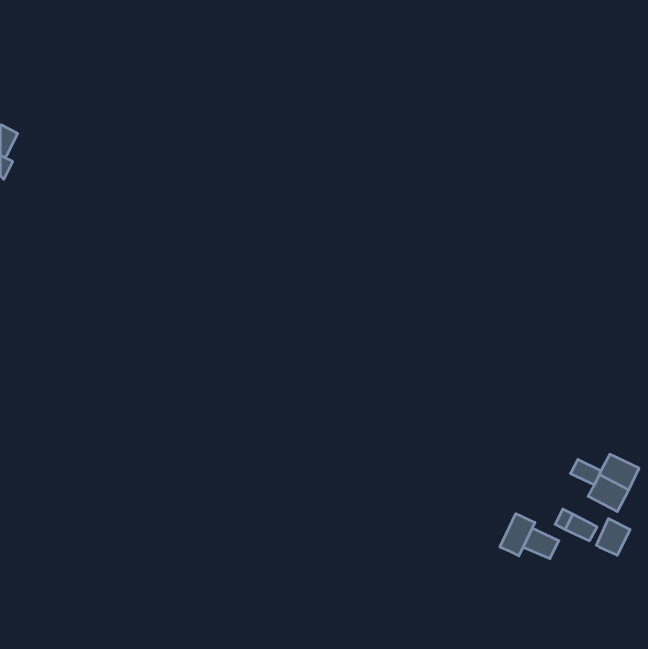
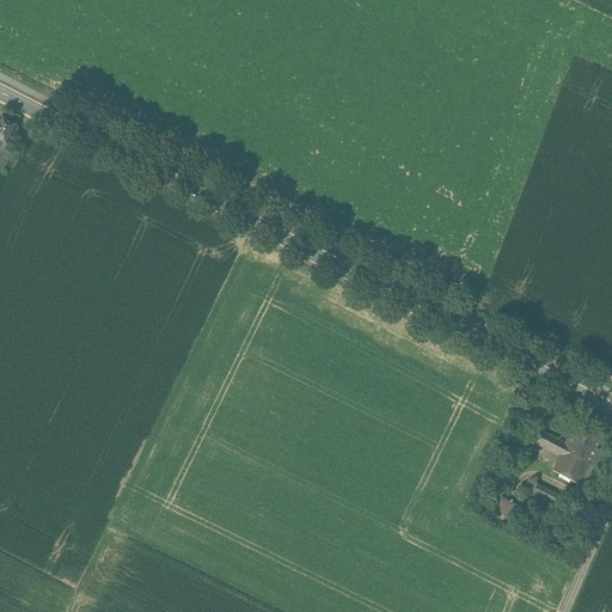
building: [500,514,535,556] -> none
building: [596,519,630,555] -> none

